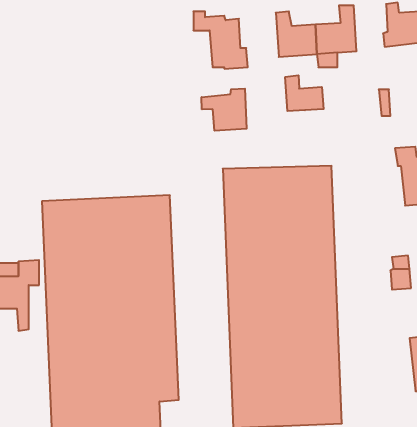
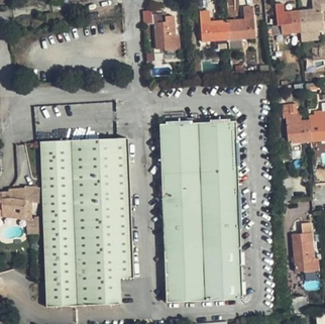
building: [285,75,324,111] -> none
building: [202,89,247,131] -> none

